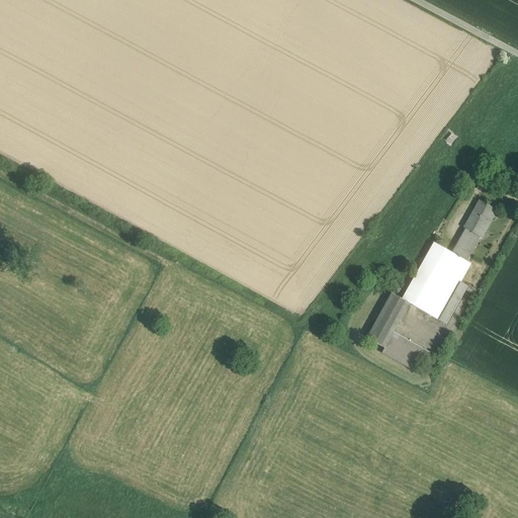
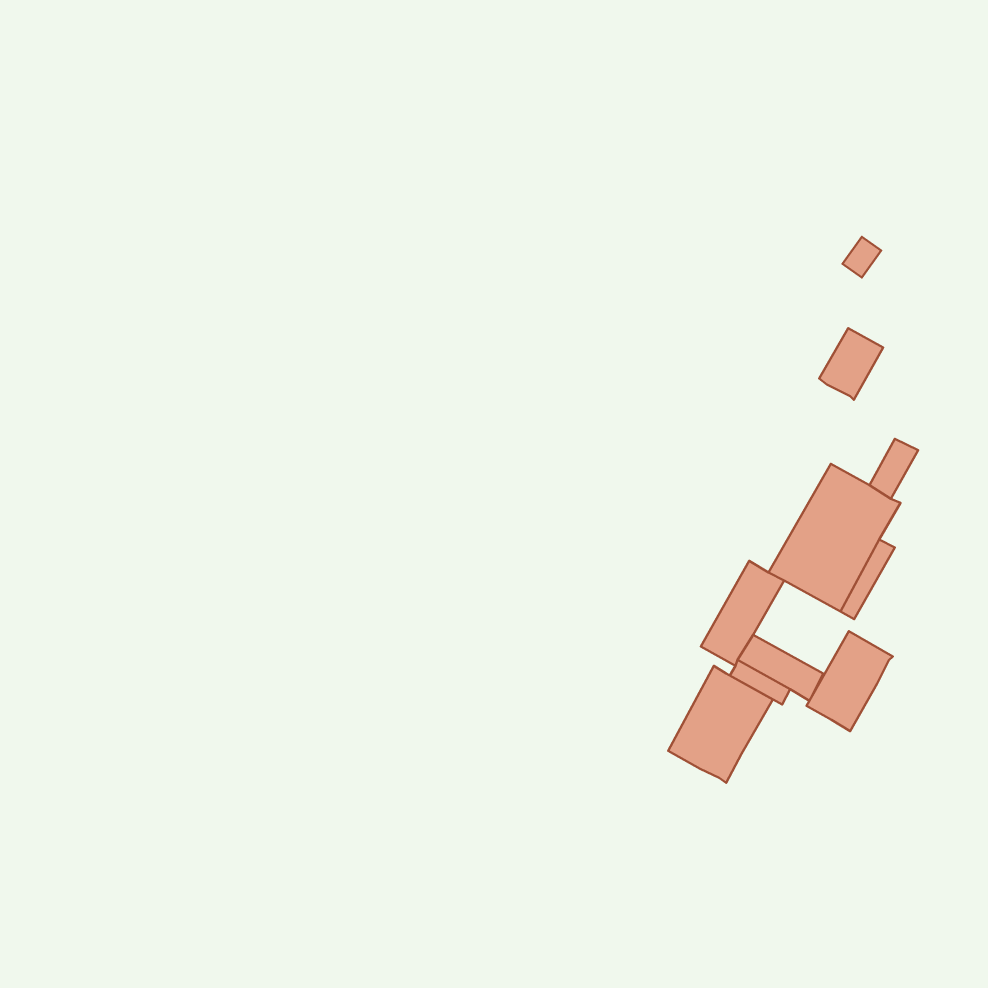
building: [462,199,496,237] -> [819,328,883,400]
building: none -> [806,631,893,731]
building: none -> [668,666,773,783]

